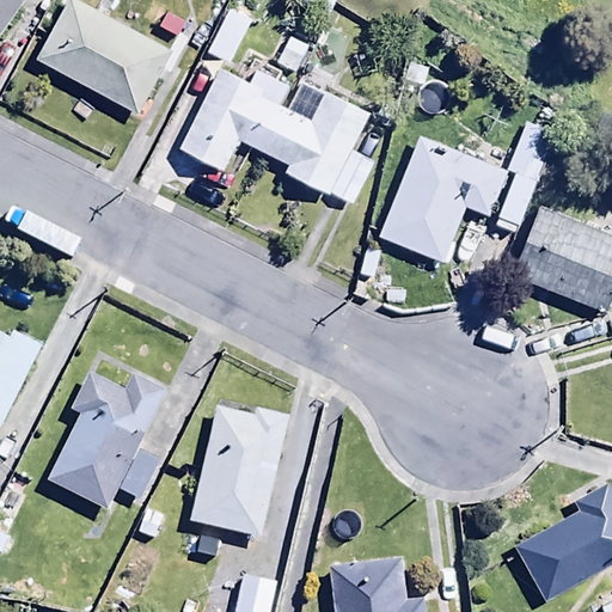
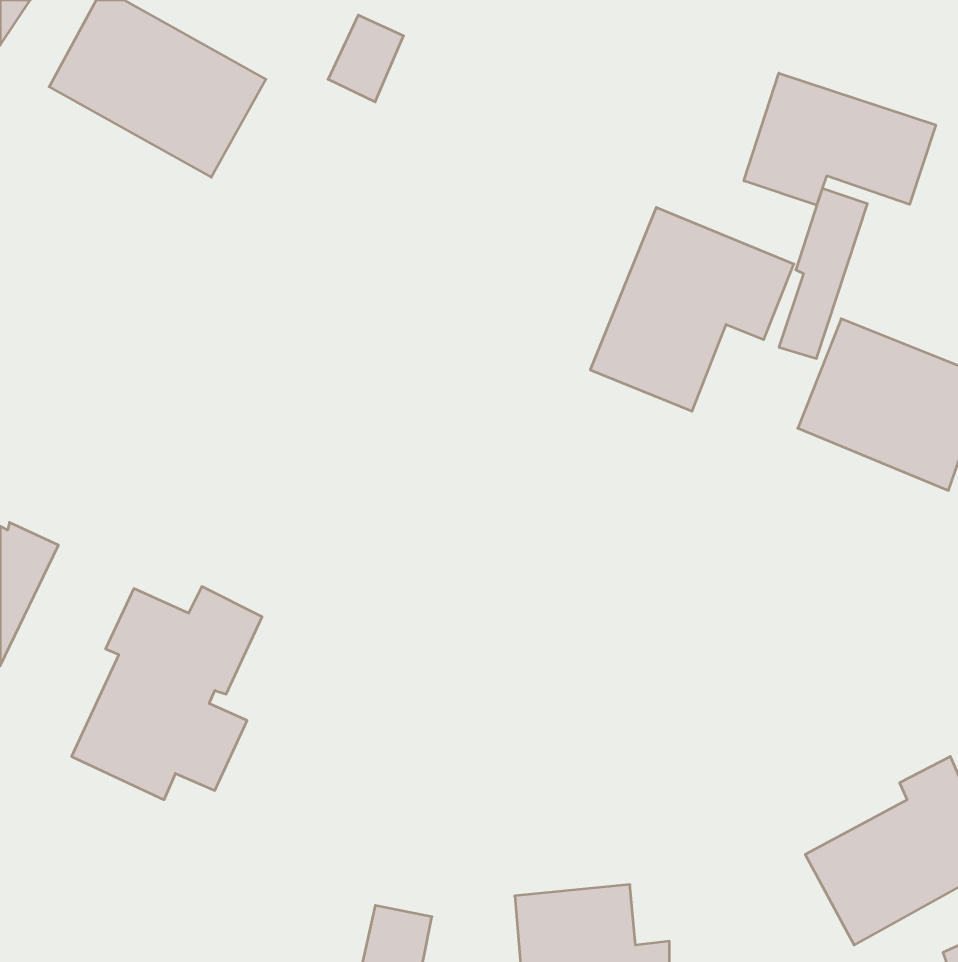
building: none -> [744,73,936,205]
building: [178,66,372,194] -> none
building: [189,406,288,539] -> none

